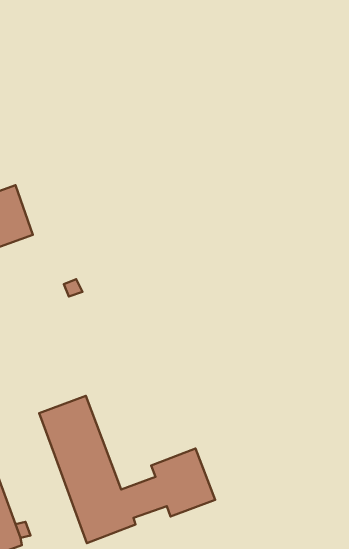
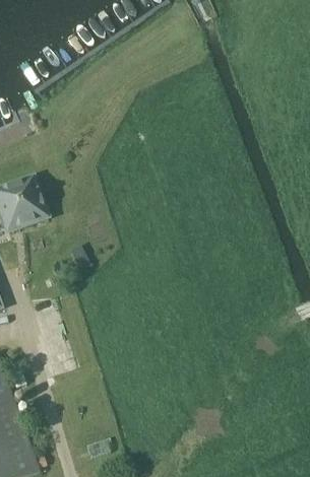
building: [39,396,215,543] -> none

